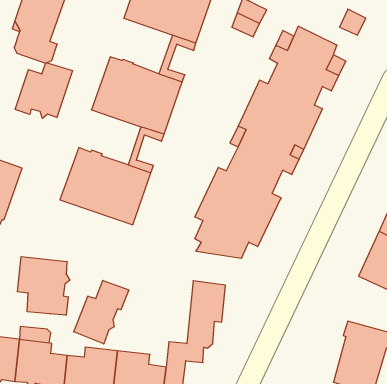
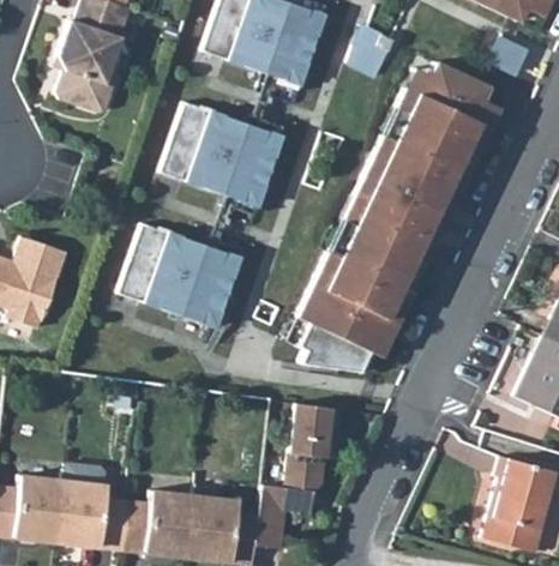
building: [15,63,73,118] -> none
building: [17,257,70,315] -> none
building: [74,280,129,344] -> none

